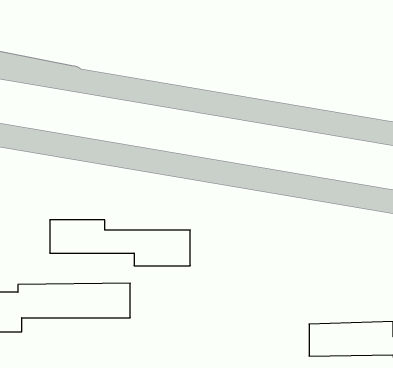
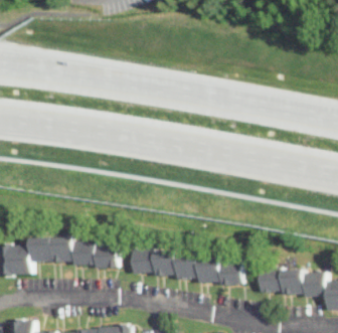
building: [50,220,190,266] -> [132,248,242,285]

